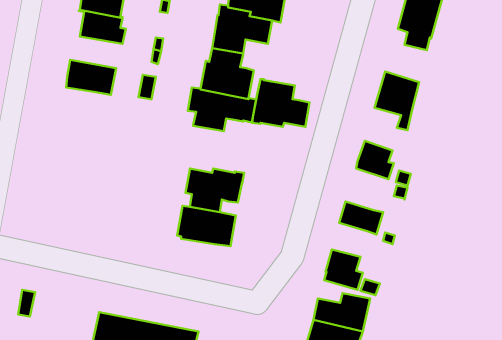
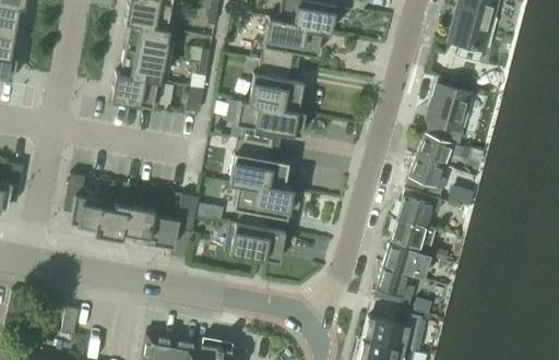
building: none -> [116,47,169,80]
building: [252,79,310,127] -> [229,137,288,187]
building: none -> [417,132,464,164]
building: none -> [63,172,199,247]
building: none -> [397,187,442,225]
building: none -> [383,243,431,277]

